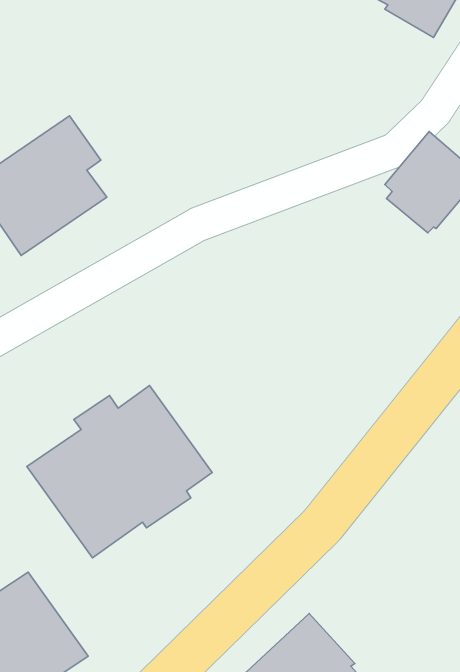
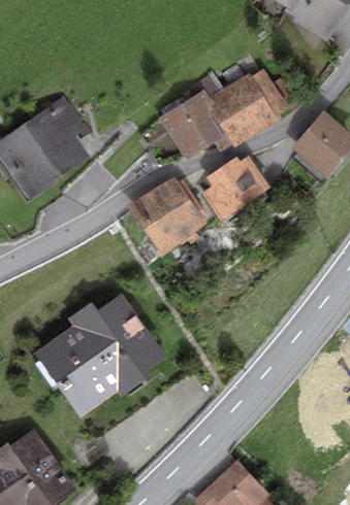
building: none -> [159,68,288,160]
building: none -> [200,156,269,221]
building: none -> [127,177,208,256]

